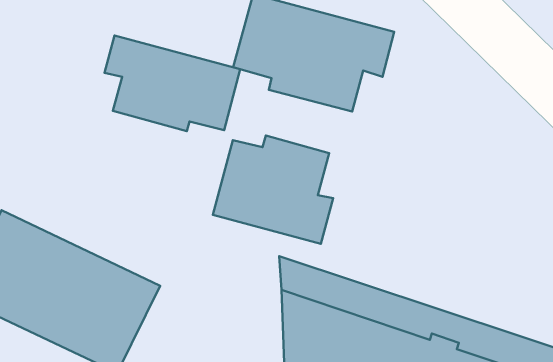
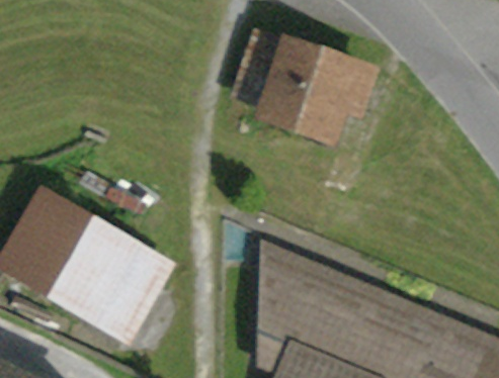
building: [104,35,240,131] -> none
building: [213,136,333,244] -> none

